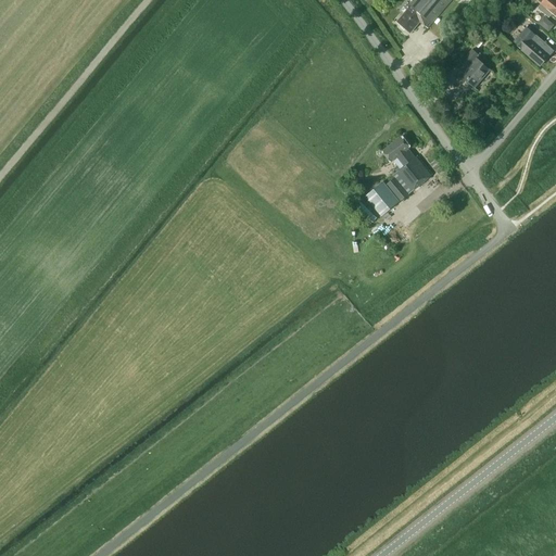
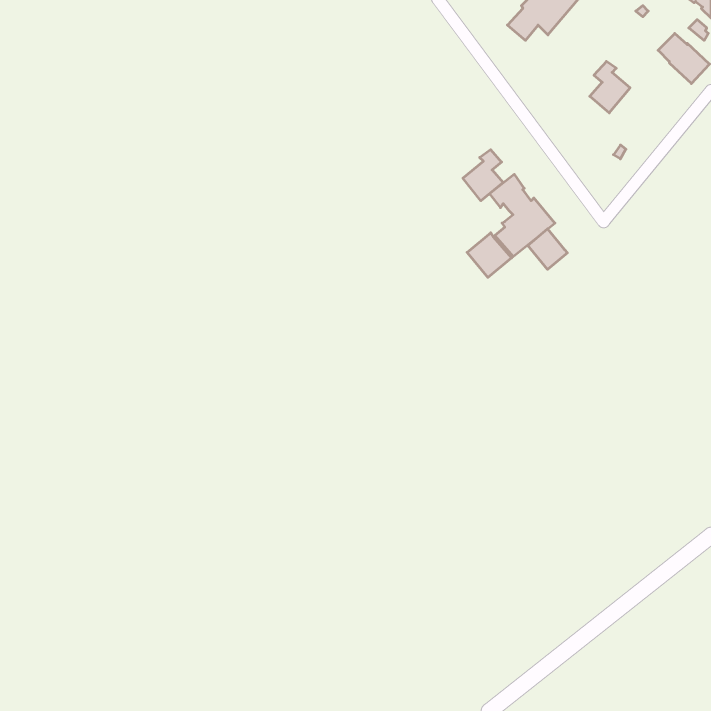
building: none -> [463,150,503,201]
building: none -> [528,229,567,269]

